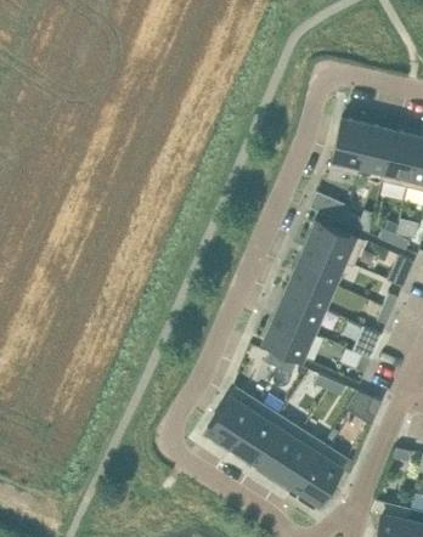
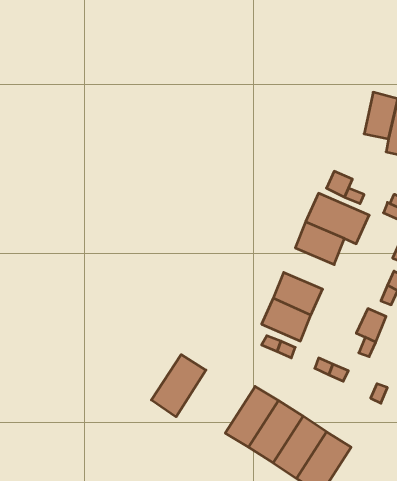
building: [329,120,368,177] -> none
building: [284,272,332,311] -> none
building: [207,388,258,446] -> [151,355,206,417]

